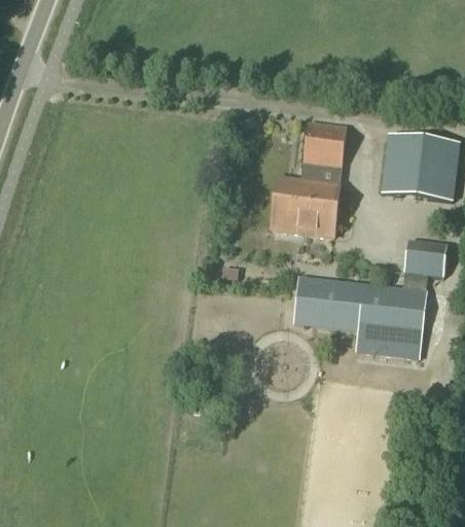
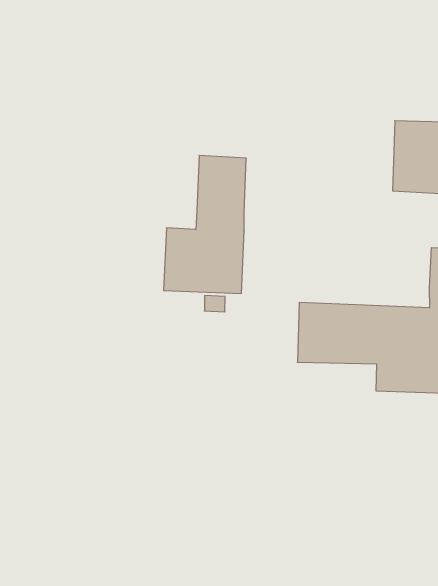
building: [271,121,346,236] -> [164,155,246,293]

